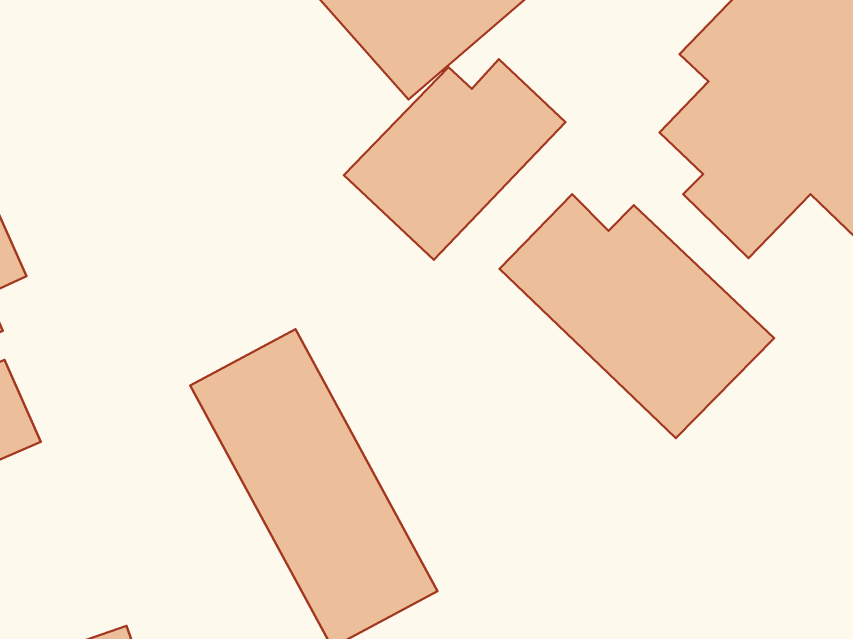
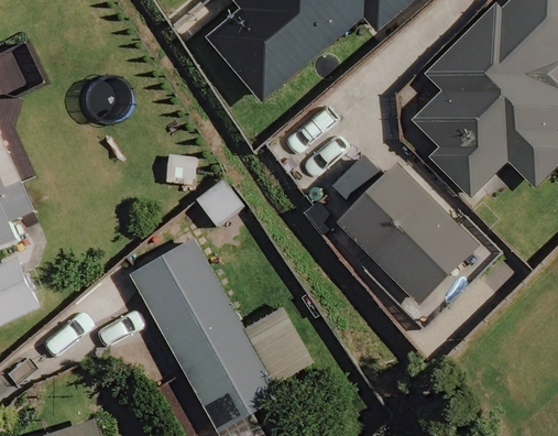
building: [344,59,566,260] -> none

